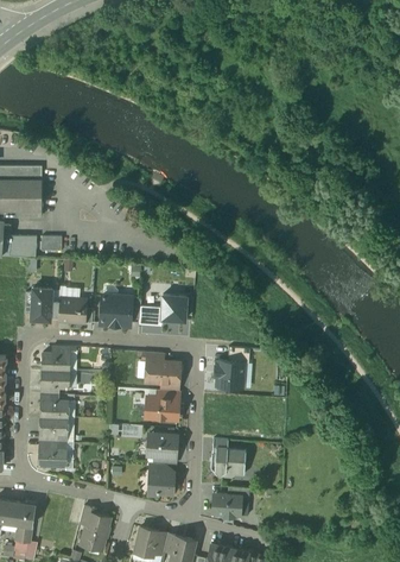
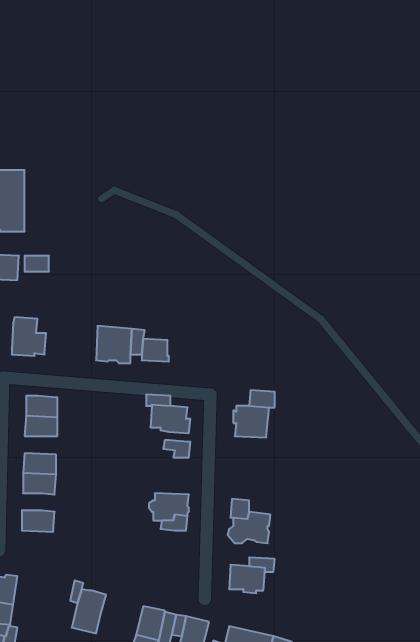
building: [160,295,188,322] -> none
building: [58,299,85,323] -> none
building: [145,398,178,421] -> none
building: [148,472,173,494] -> none

